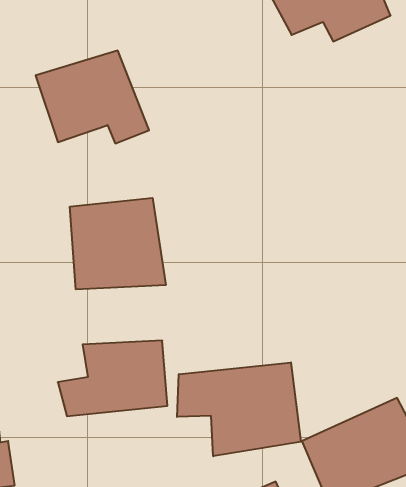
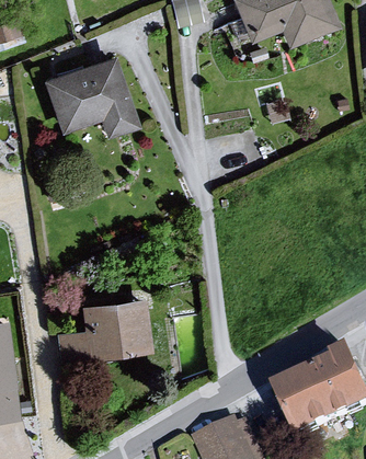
building: [70,198,166,289] -> none
building: [177,362,301,456] -> none

